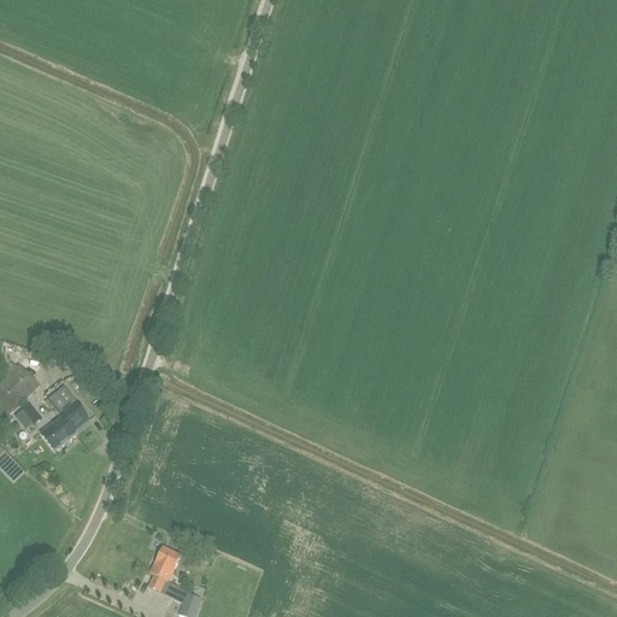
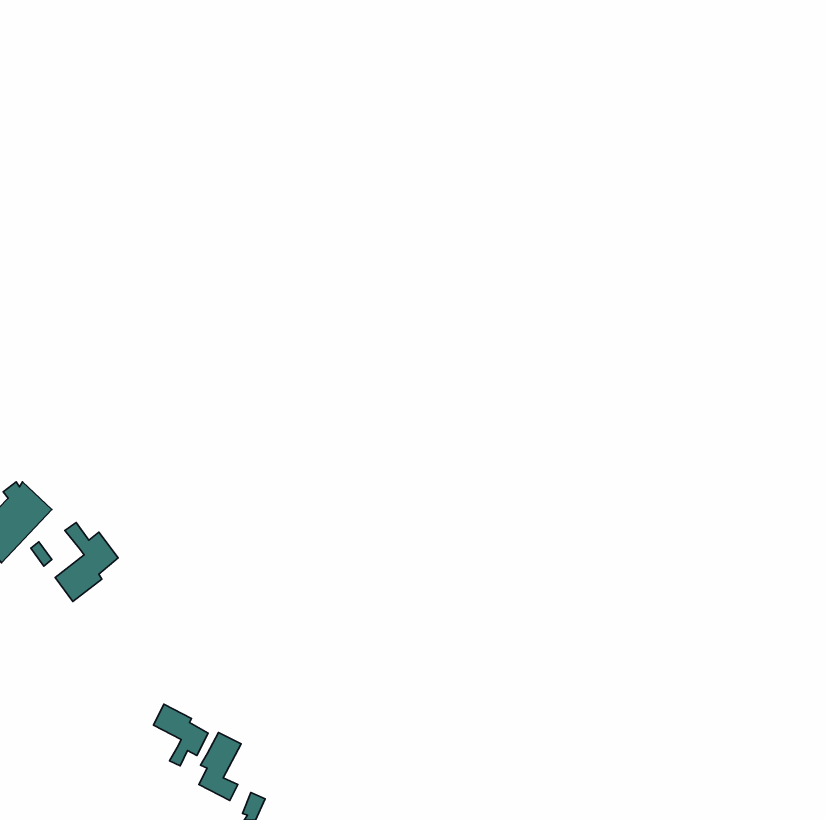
building: none -> [154,704,208,766]

